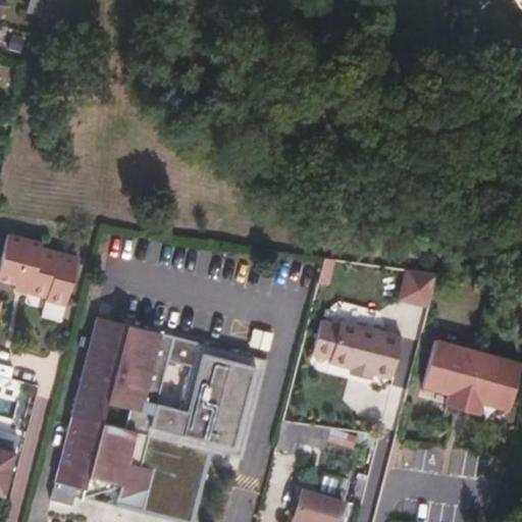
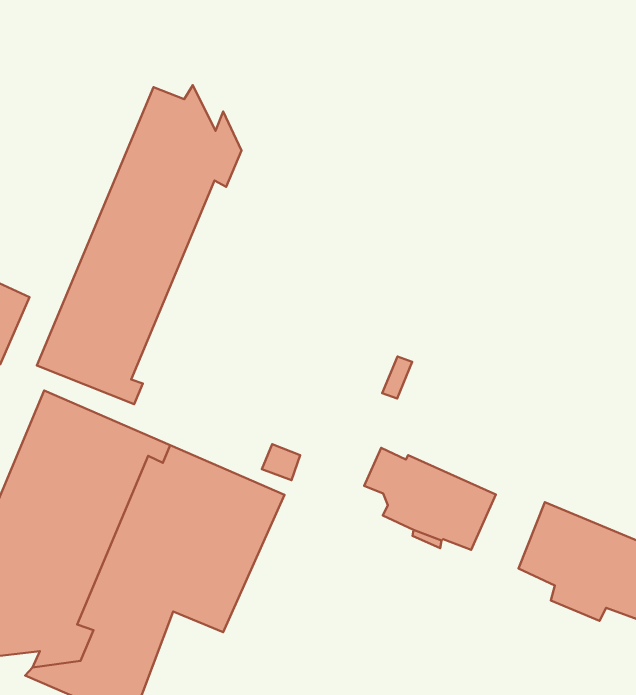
building: none -> [37,85,241,404]
building: [399,270,436,309] -> none

